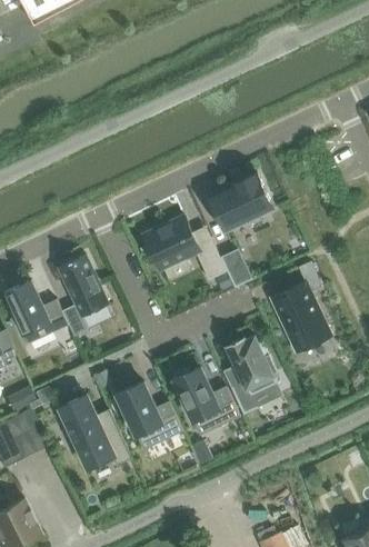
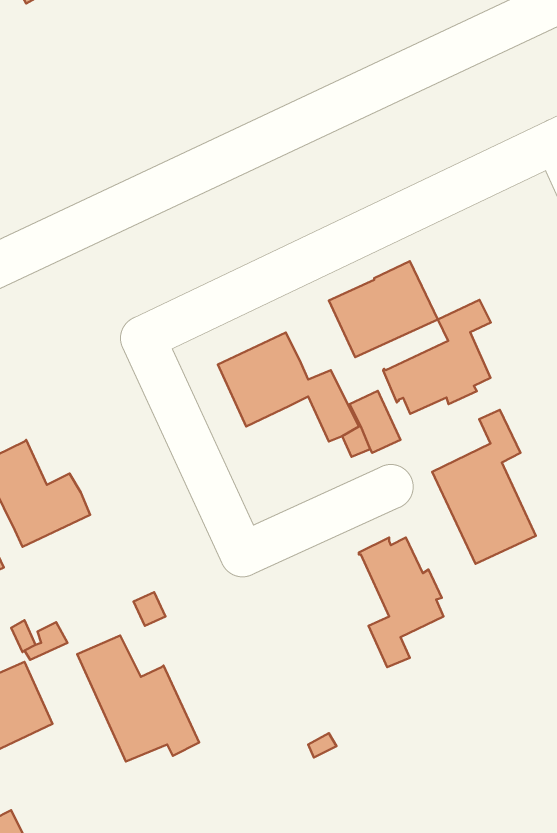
building: none -> [383,300,491,414]
building: [58,255,108,336] -> none
building: [173,367,240,436] -> none
building: [116,381,182,450] -> none

